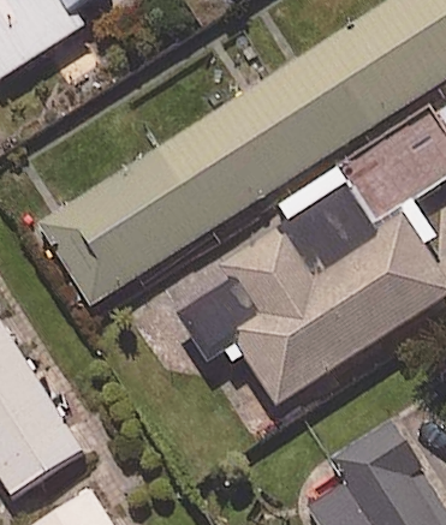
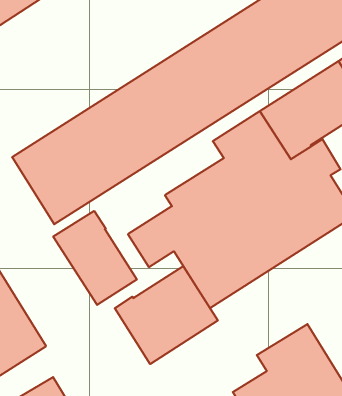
building: none -> [53,211,137,305]
building: none -> [115,266,218,364]

